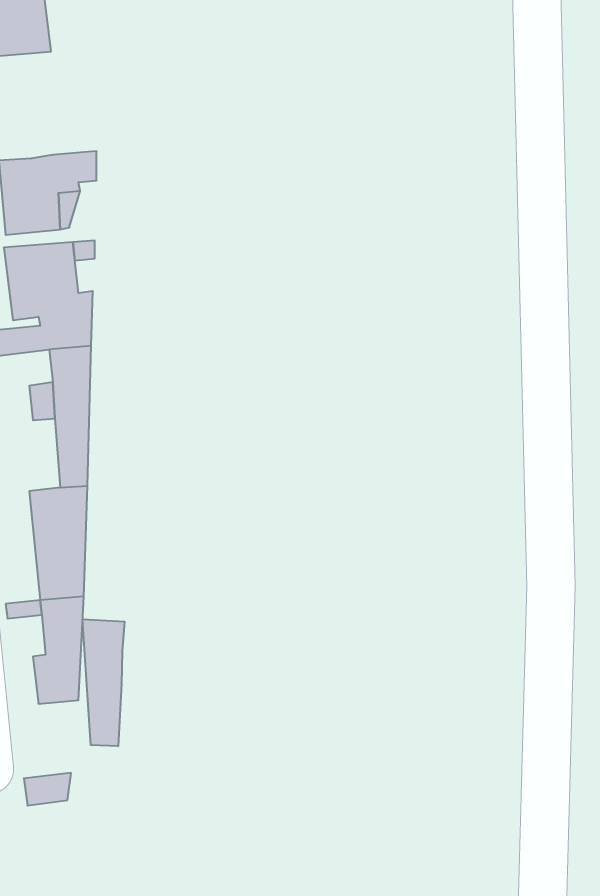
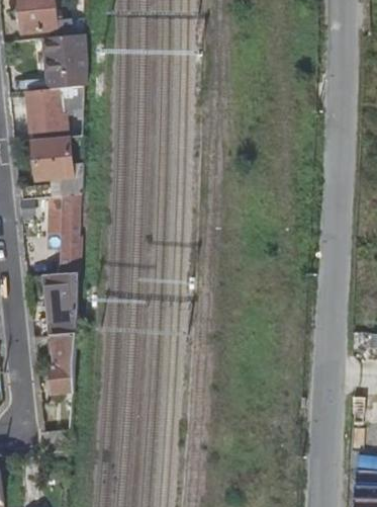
building: none -> [41,34,82,90]
building: [83,619,125,746] -> none

